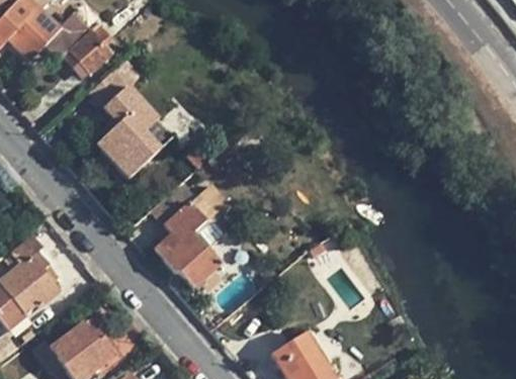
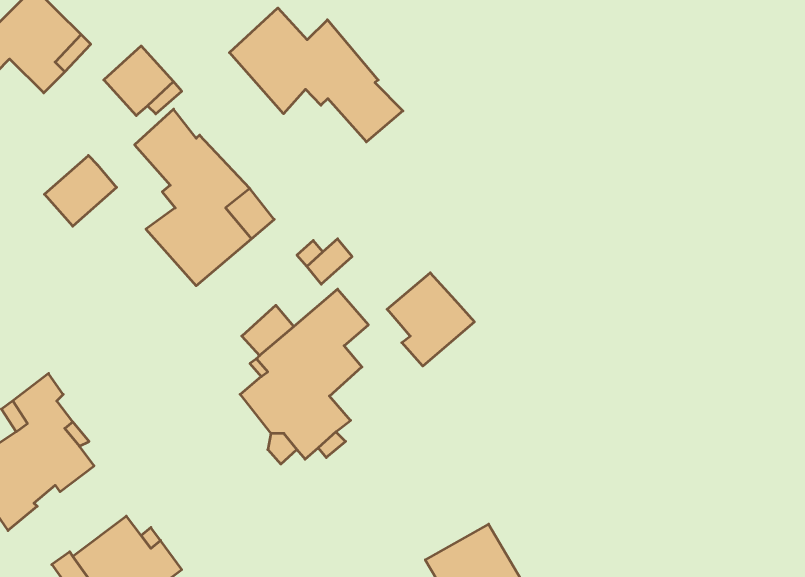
building: none -> [229,8,403,142]
building: none -> [44,155,117,226]
building: none -> [387,273,474,366]

